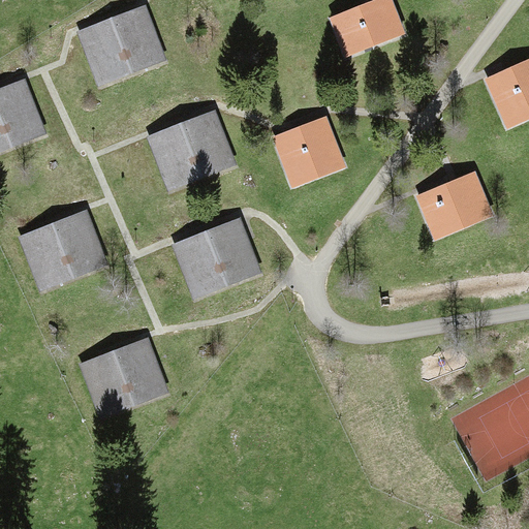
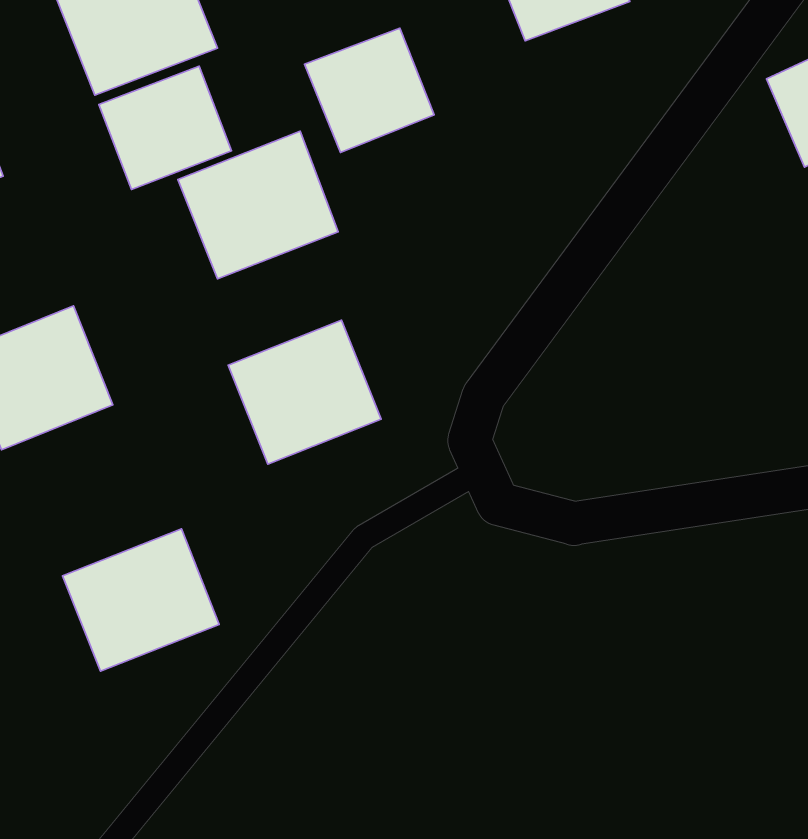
building: none -> [99,66,232,189]
building: [272,116,346,187] -> [305,28,434,152]
building: [414,169,494,240] -> none

